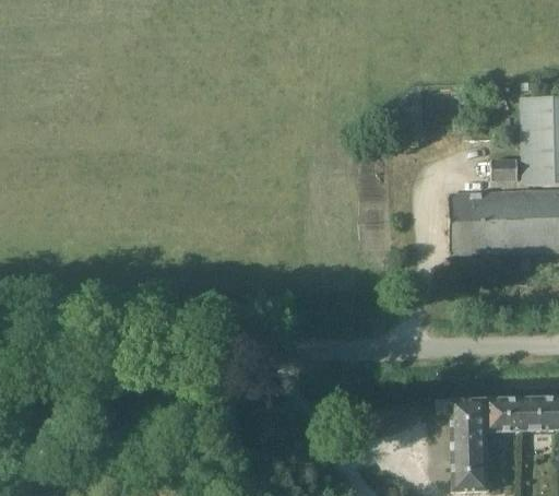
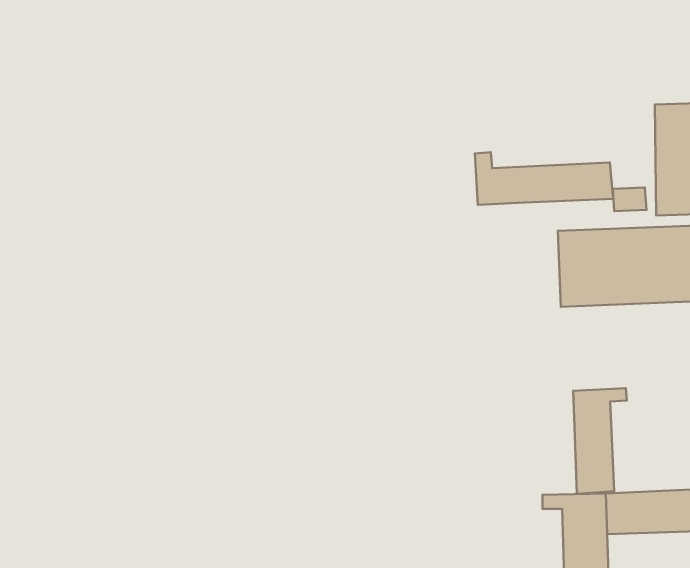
building: none -> [475,152,613,205]
building: none -> [573,388,627,494]

